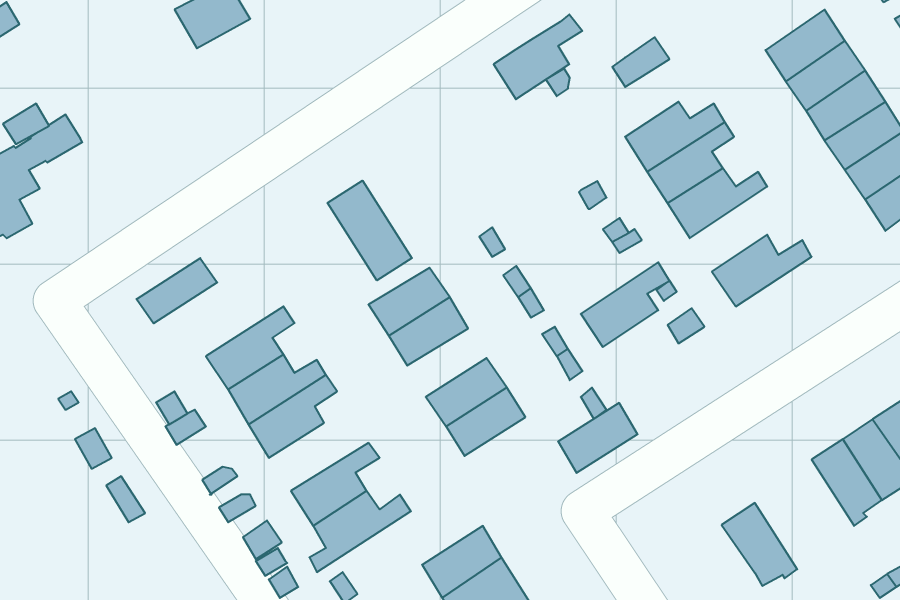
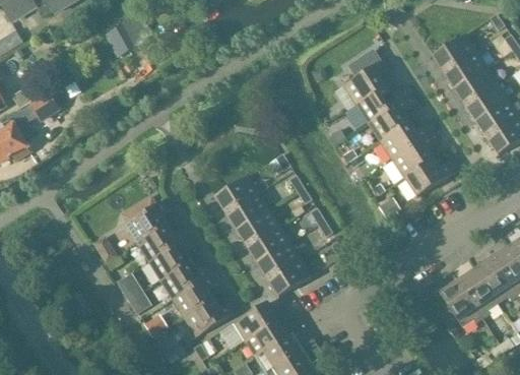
building: [494,14,582,99] -> [342,57,391,104]
building: [328,181,412,280] -> none
building: [136,258,217,323] -> none
building: [581,262,669,347] -> [390,131,439,178]
building: none -> [235,209,278,247]
building: [558,403,638,473] -> [266,258,310,297]
building: none -> [158,261,213,299]
building: none -> [233,302,276,339]
building: [722,503,797,586] -> [439,282,480,327]

